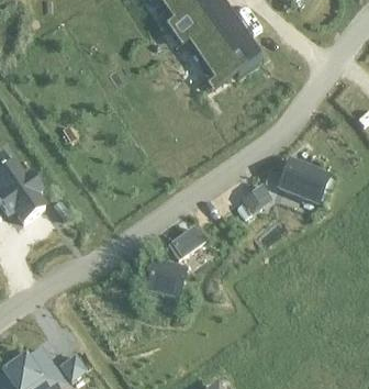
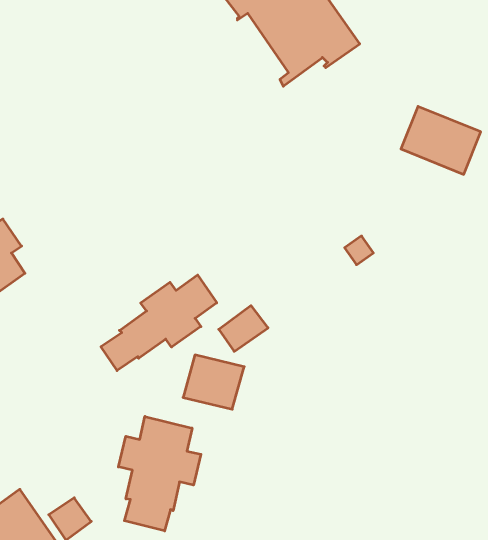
building: [278,158,329,202] -> [401,106,481,174]
building: none -> [101,275,217,371]
building: none -> [118,416,201,531]

